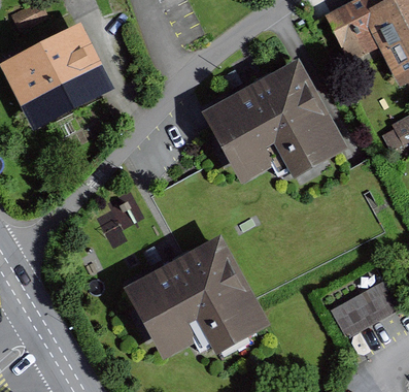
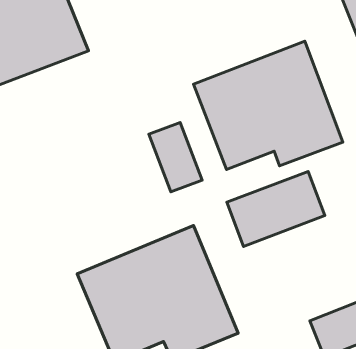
building: none -> [149,123,202,192]
building: none -> [227,171,325,246]

